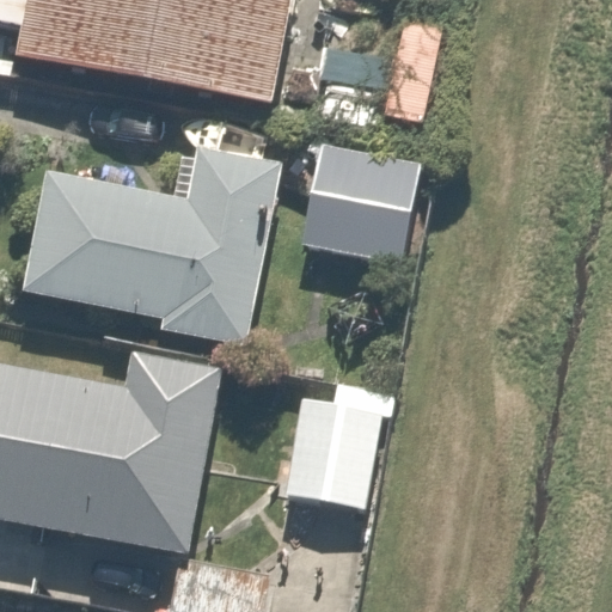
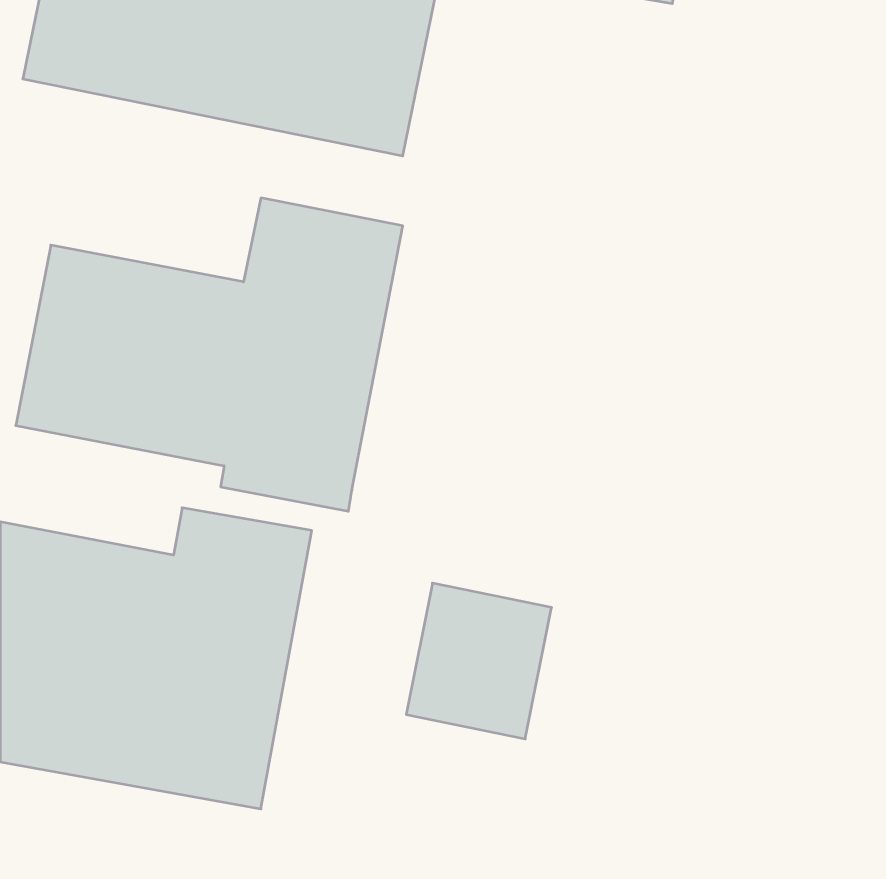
building: [300,147,424,265] -> none

